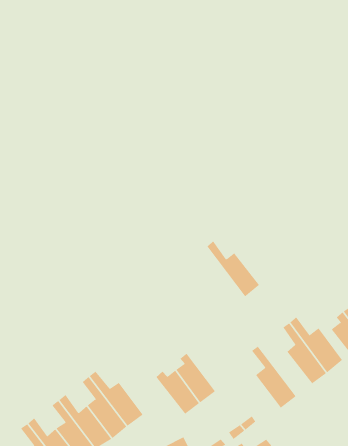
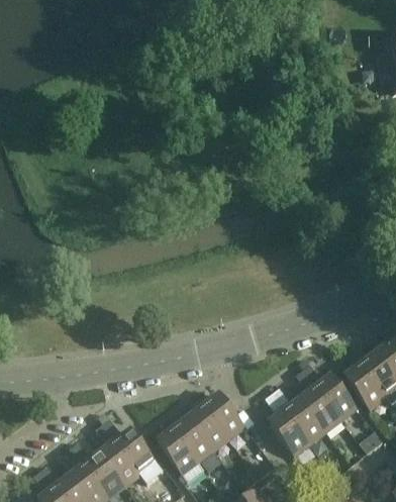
building: [206,241,260,297] -> [273,390,326,446]
building: none -> [201,396,246,441]
building: none -> [159,427,204,484]

